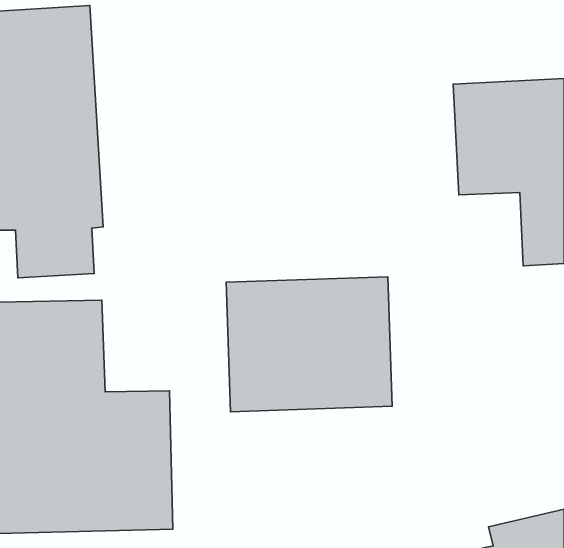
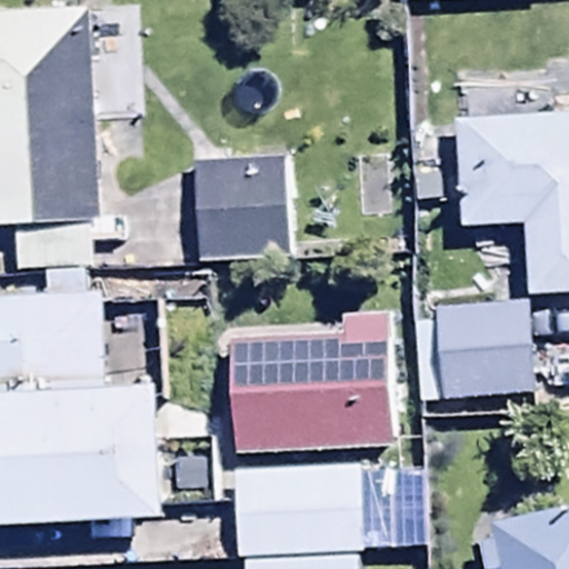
building: none -> [190,133,291,241]
building: none -> [441,327,533,425]
building: none -> [230,446,369,537]

